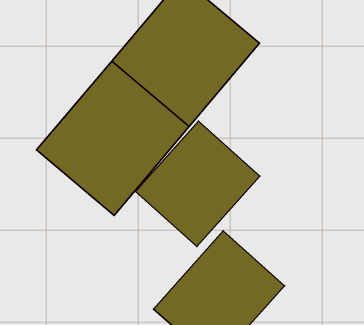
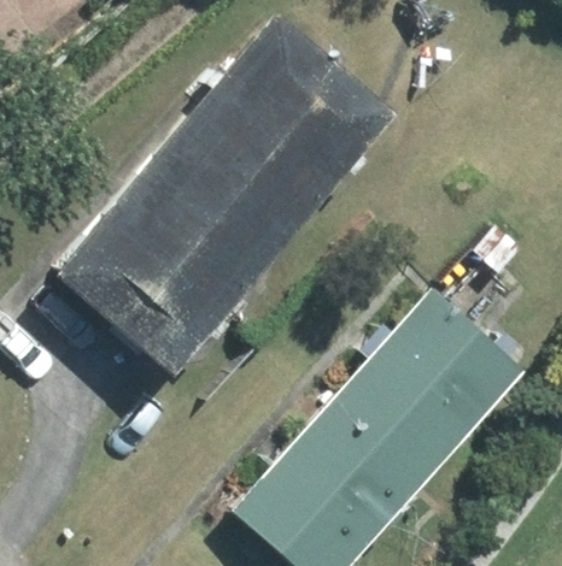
building: [135,121,260,246] -> [336,289,522,476]

